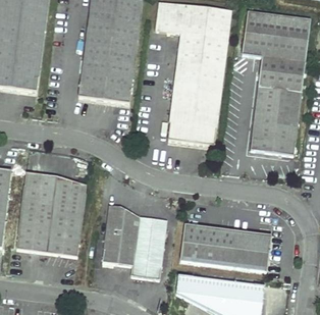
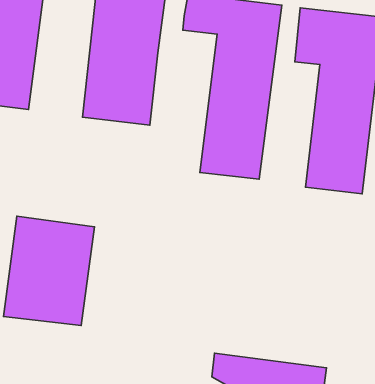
building: [103,210,168,283] -> none
building: [179,225,270,272] -> none

